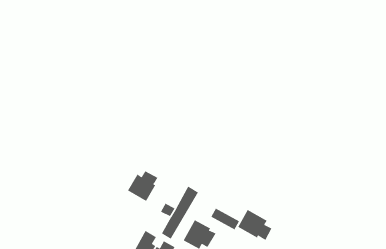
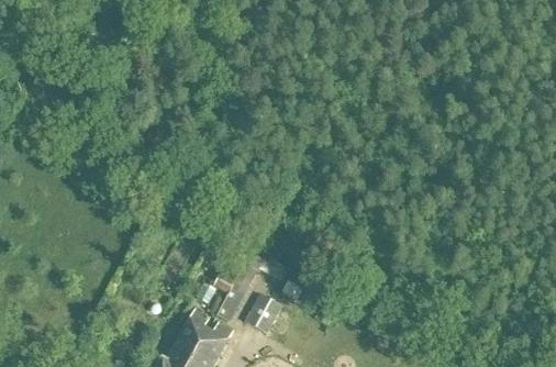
building: [127,170,158,202] -> none
building: [238,209,272,241] -> none

